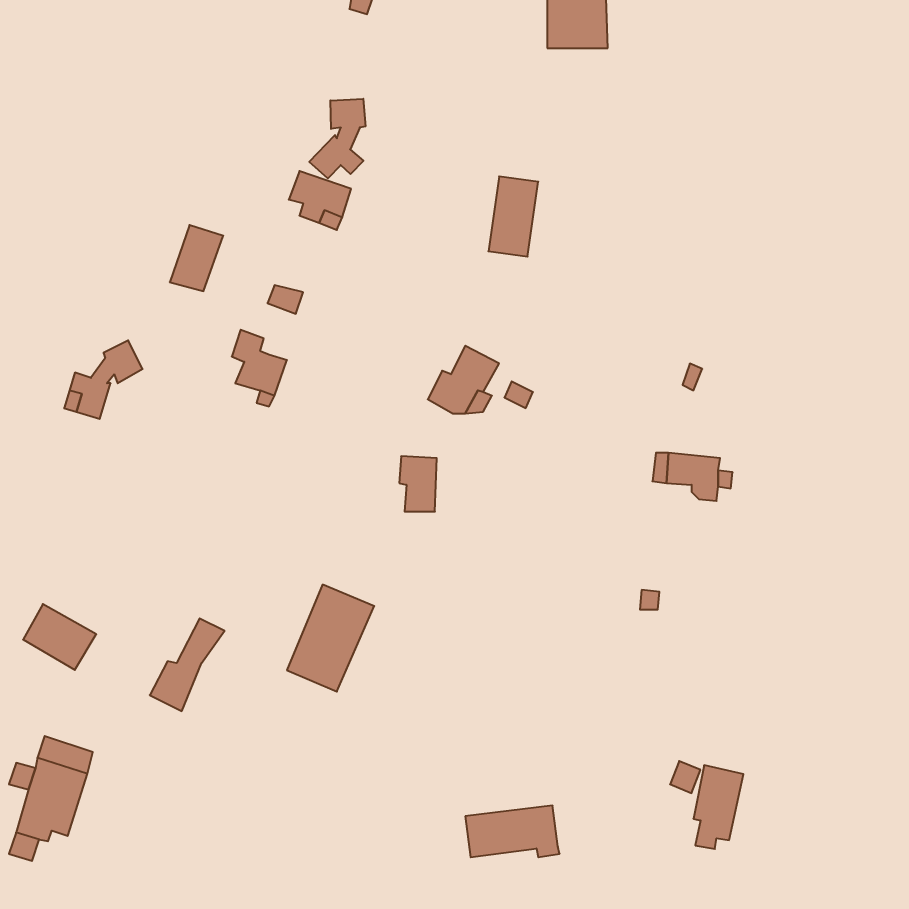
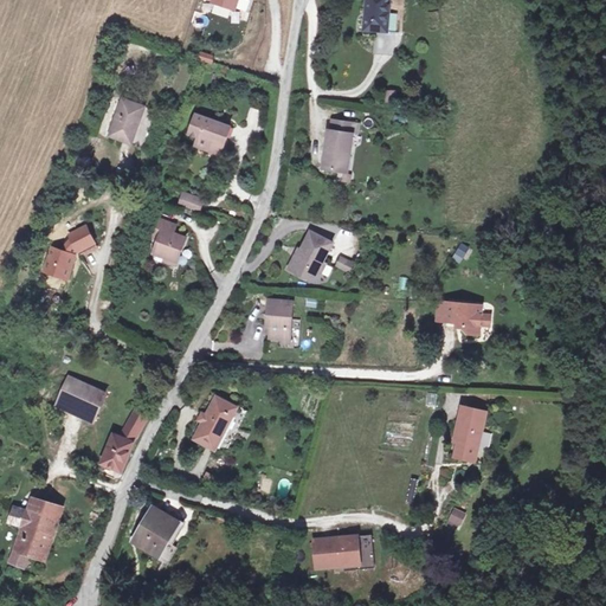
building: [309,99,365,178] -> none
building: [170,225,223,291] -> [109,98,144,142]
building: [23,604,96,670] -> [54,375,103,419]
building: none -> [134,507,179,554]
building: [693,765,743,849] -> [452,404,485,459]

